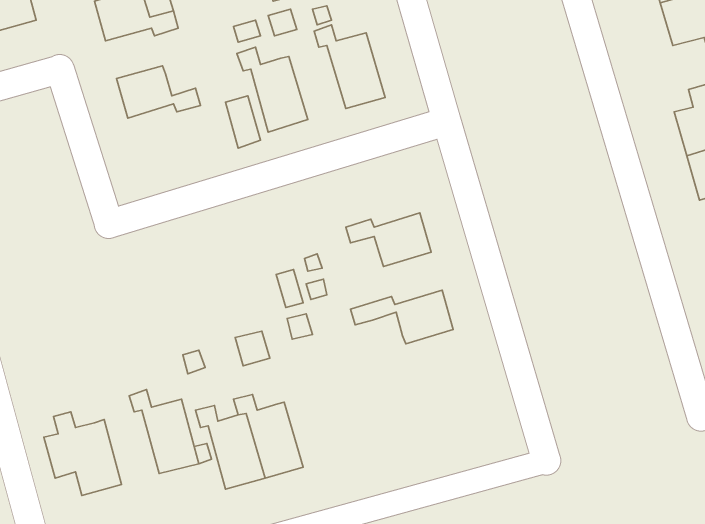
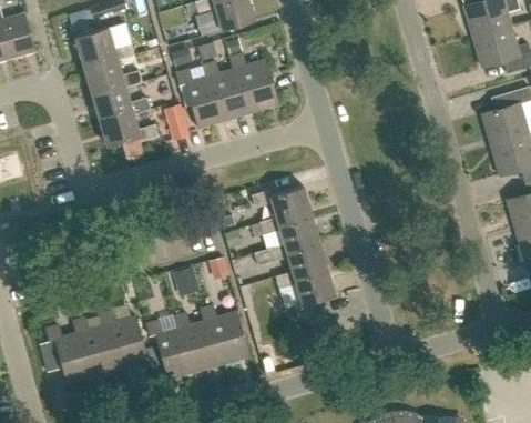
building: none -> [82,56,141,91]
building: none -> [201,61,251,120]
building: none -> [98,109,156,147]
building: none -> [258,213,318,250]
building: none -> [274,268,335,321]
building: none -> [200,305,248,364]
building: none -> [71,318,120,376]

